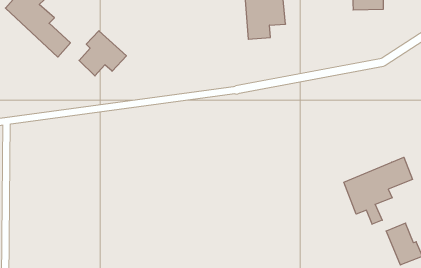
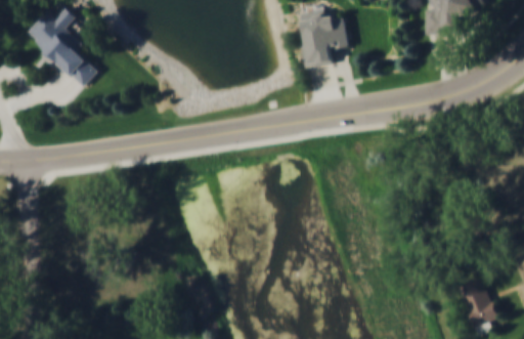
building: [79,31,126,76] -> none
building: [344,157,413,224] -> none

